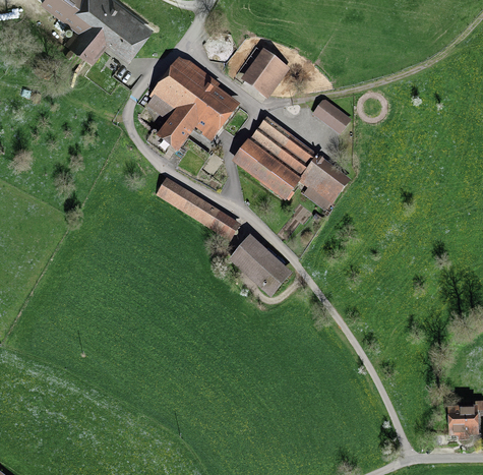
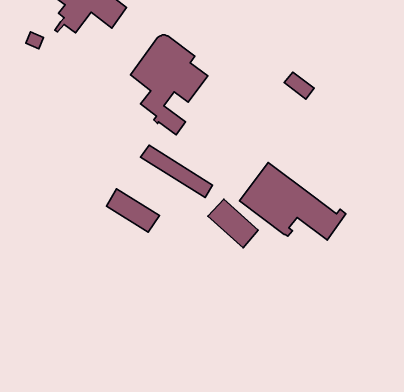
building: [246,52,286,95] -> none
building: [235,118,351,202] -> [239,162,346,240]
building: none -> [106,189,159,232]

